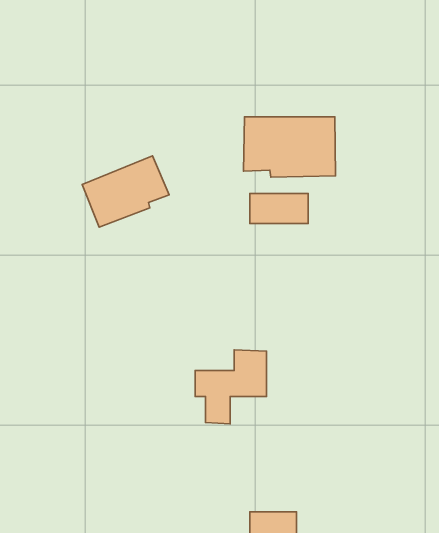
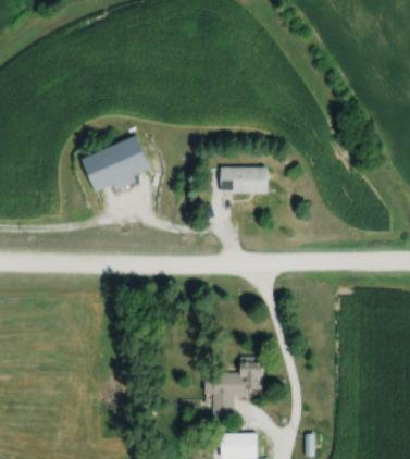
building: [244,117,335,177] -> none
building: [195,350,267,424] -> [206,356,265,418]

